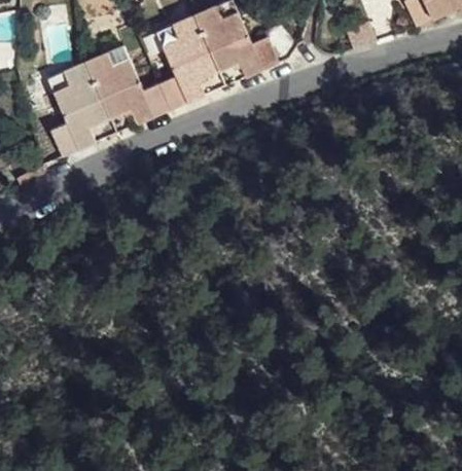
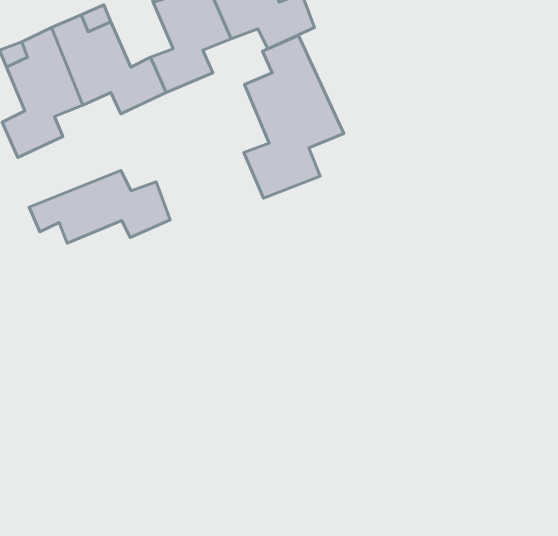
building: none -> [244,35,344,198]
building: none -> [29,171,170,243]

